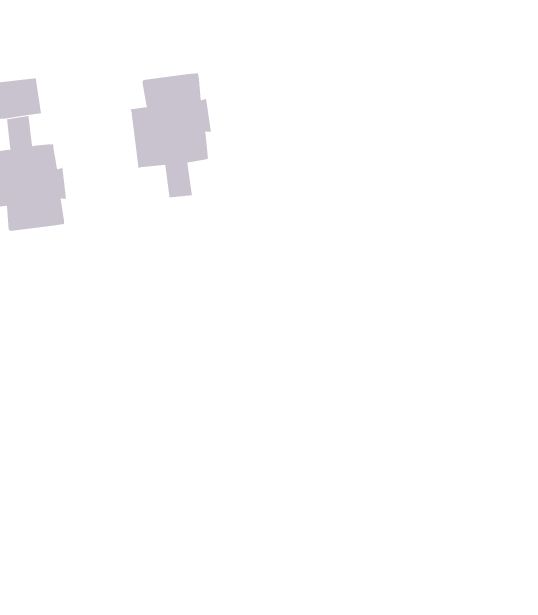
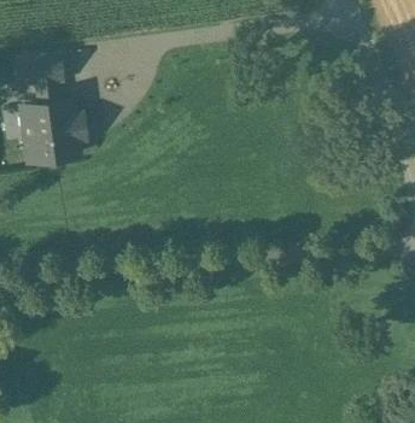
building: [130,72,211,198] -> none

